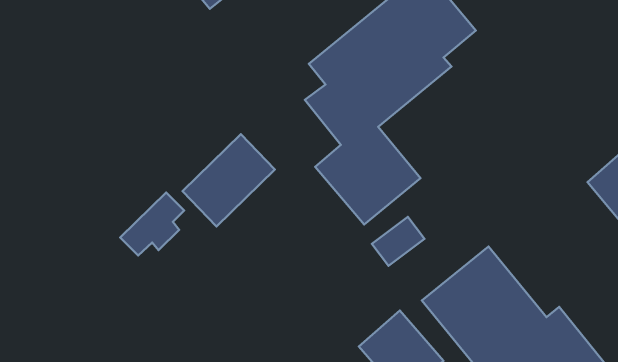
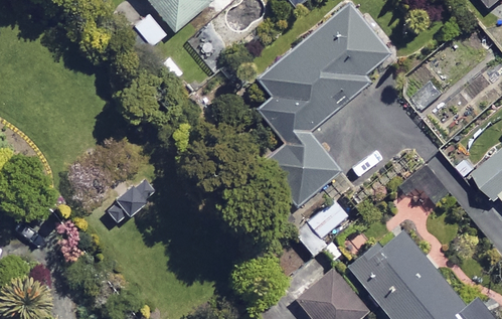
building: [182,134,275,226] -> none

